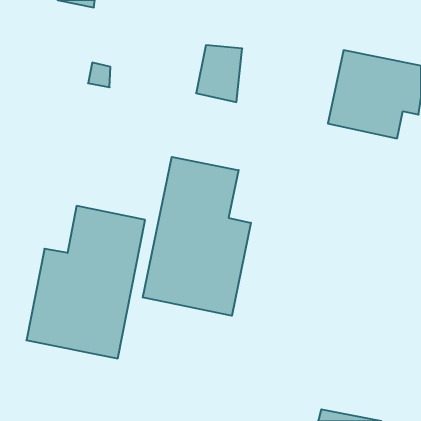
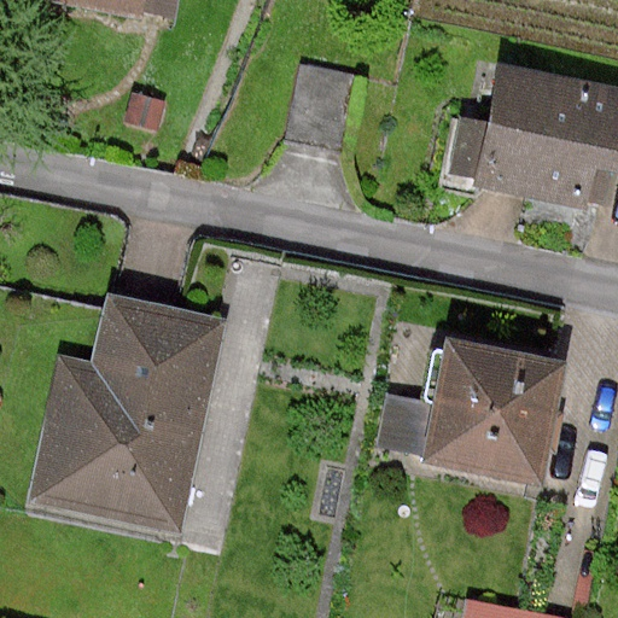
building: [143,157,251,316] -> none
building: none -> [431,343,560,477]

